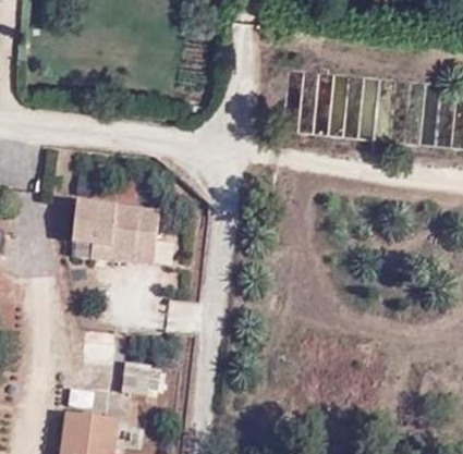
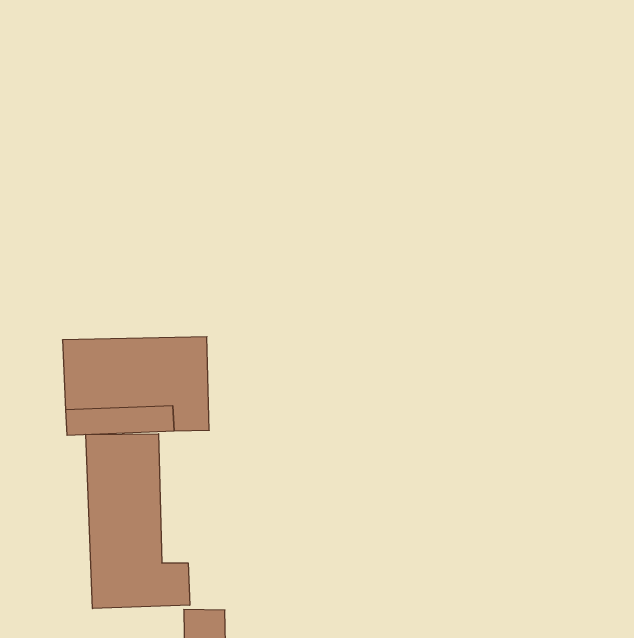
building: none -> [86,434,190,609]

